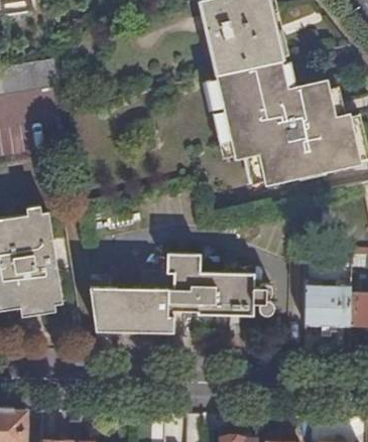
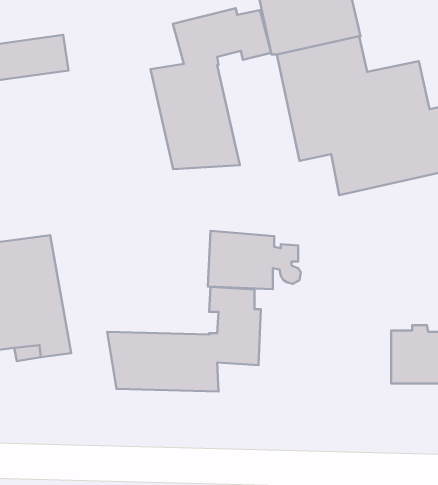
building: none -> [150,8,271,169]
building: [205,270,275,314] -> [208,231,301,289]

